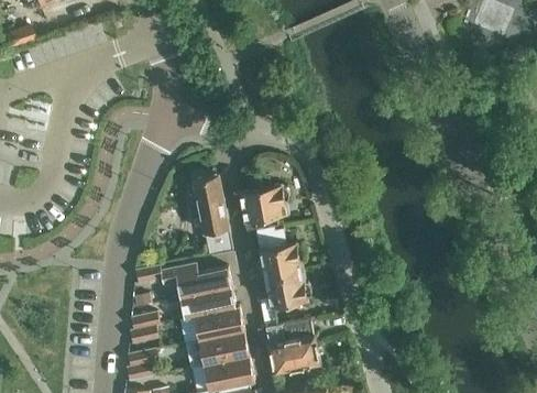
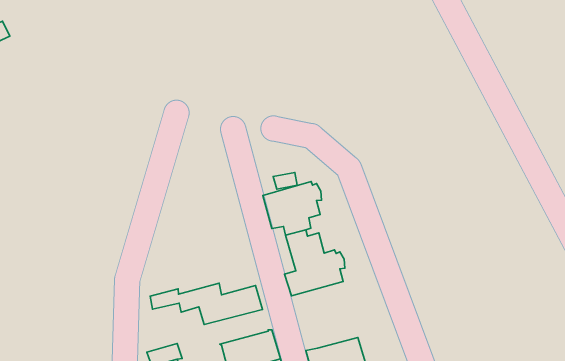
building: [187,178,231,256] -> none
building: [256,272,311,328] -> none
building: [180,291,234,320] -> none

